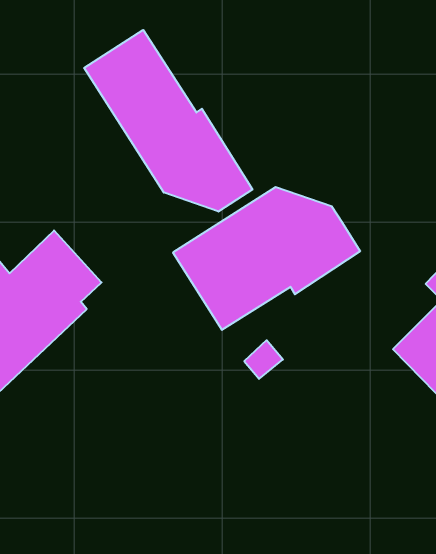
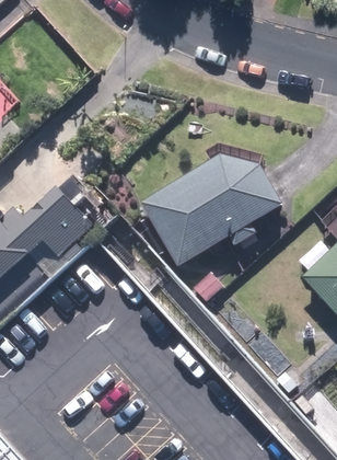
building: [84,30,252,212] -> none

